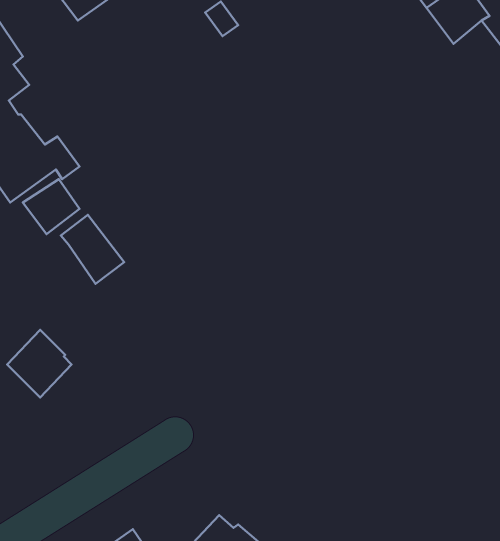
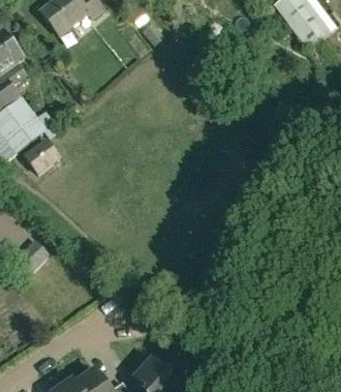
building: [61,215,124,284] -> none

